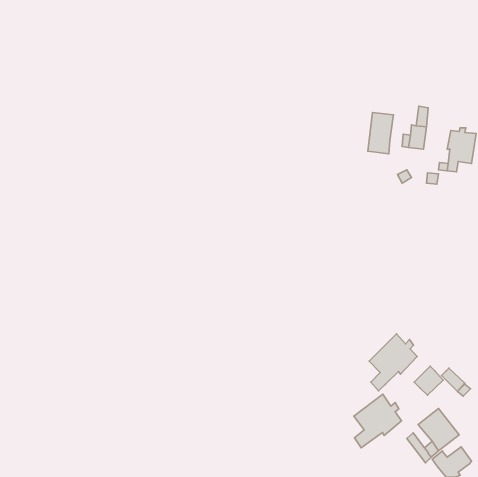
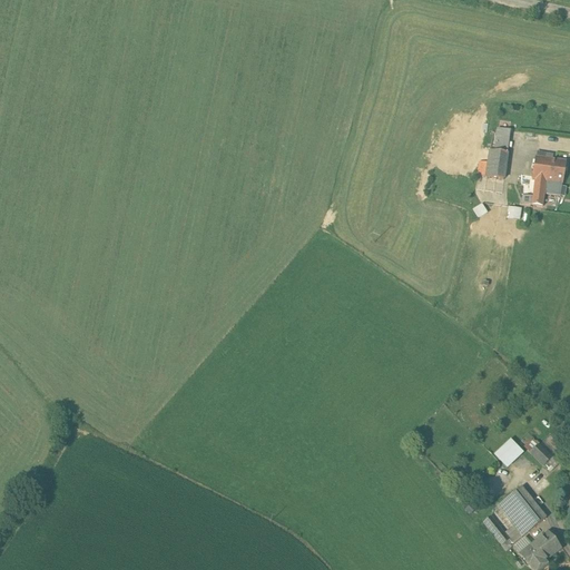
building: [368,113,394,154] -> none
building: [369,334,417,391] -> none
building: [354,394,402,448] -> none

